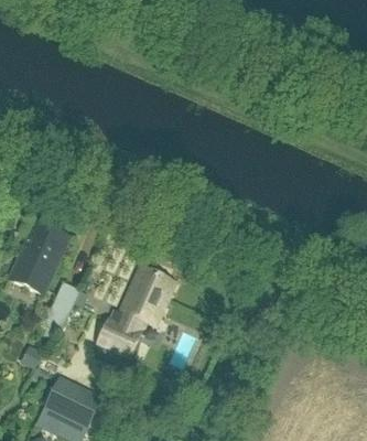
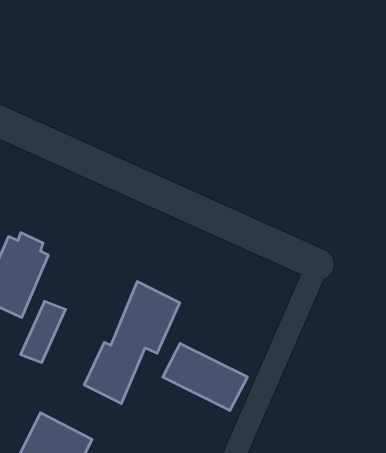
building: none -> [163,343,247,411]

